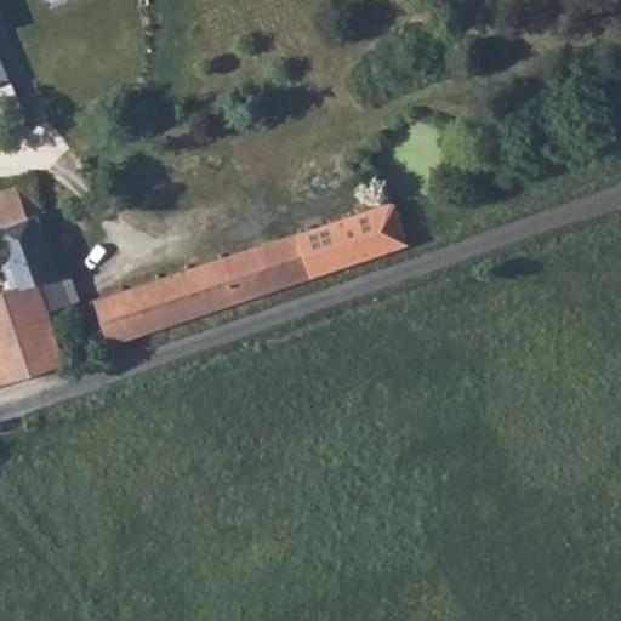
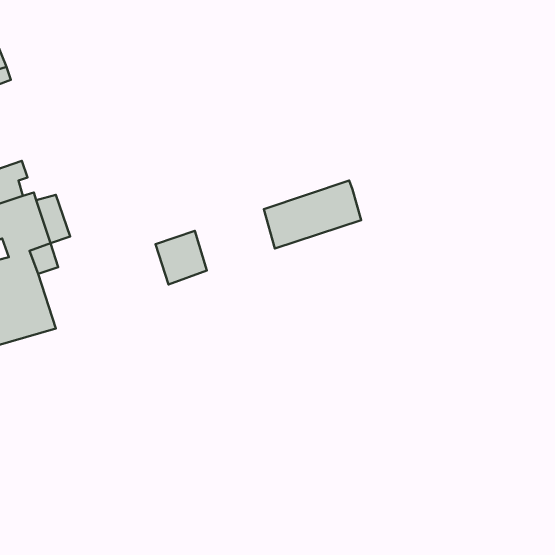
building: [216,237,304,304] -> none
building: [89,275,187,347] -> none

